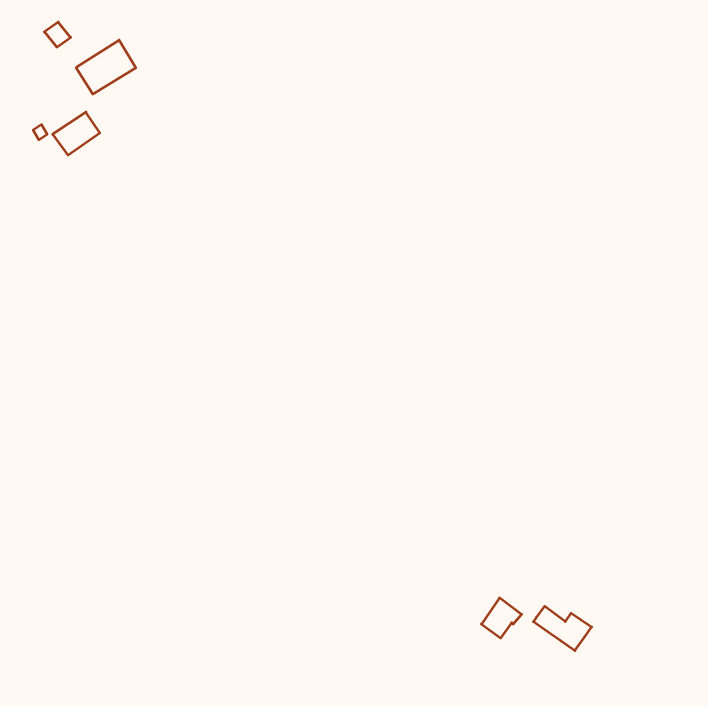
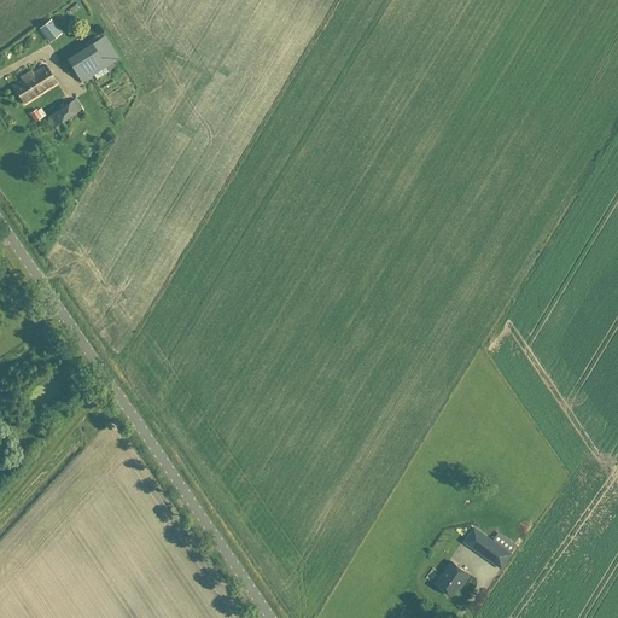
building: none -> [12,65,57,104]
building: [481,598,522,638] -> [436,561,471,596]

